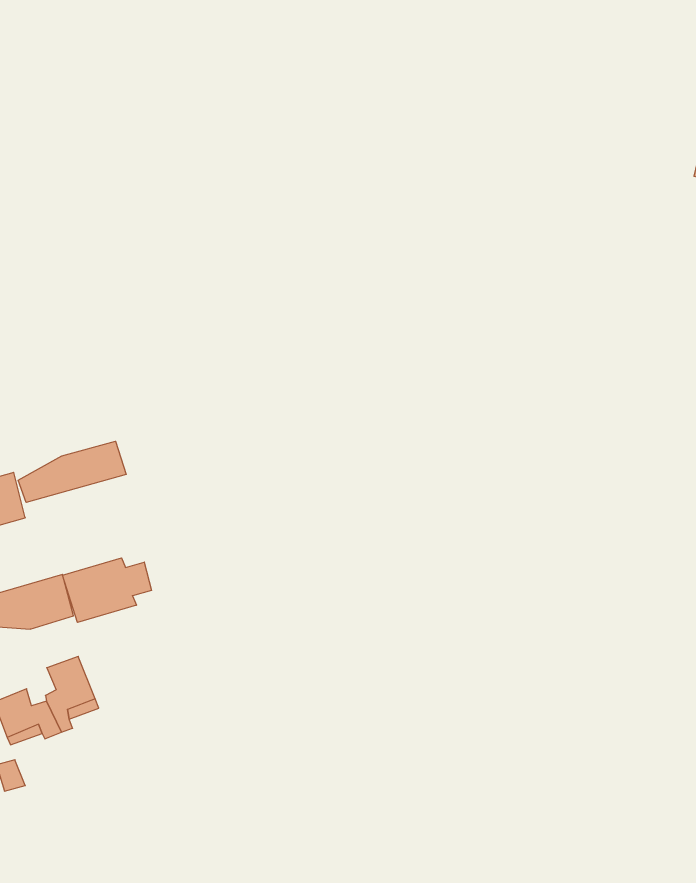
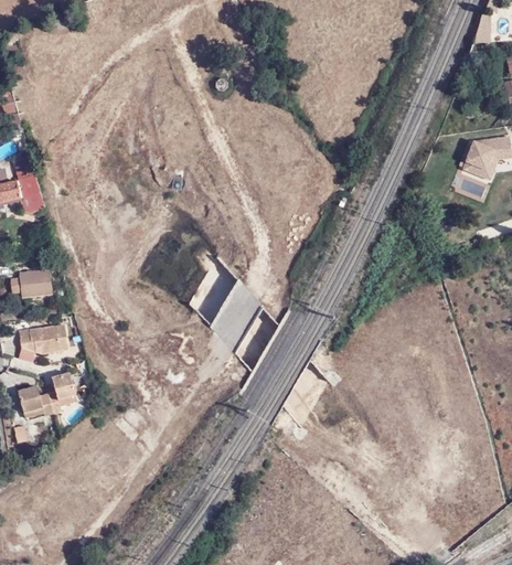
building: [18,441,126,502] -> none
building: [63,558,151,622] -> none

